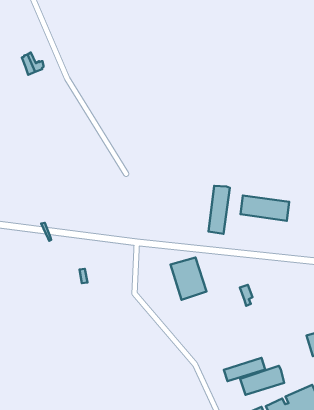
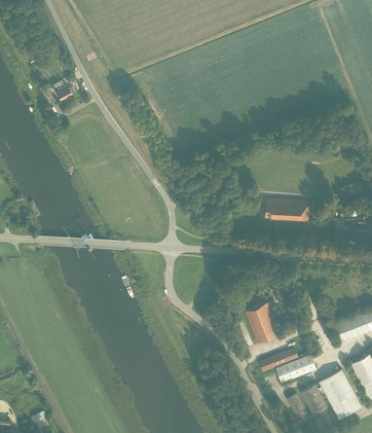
building: [208,186,230,234] -> none
building: [170,257,206,300] -> [244,302,278,342]

